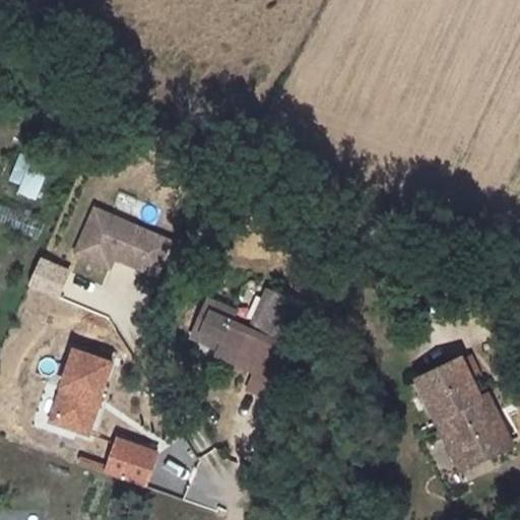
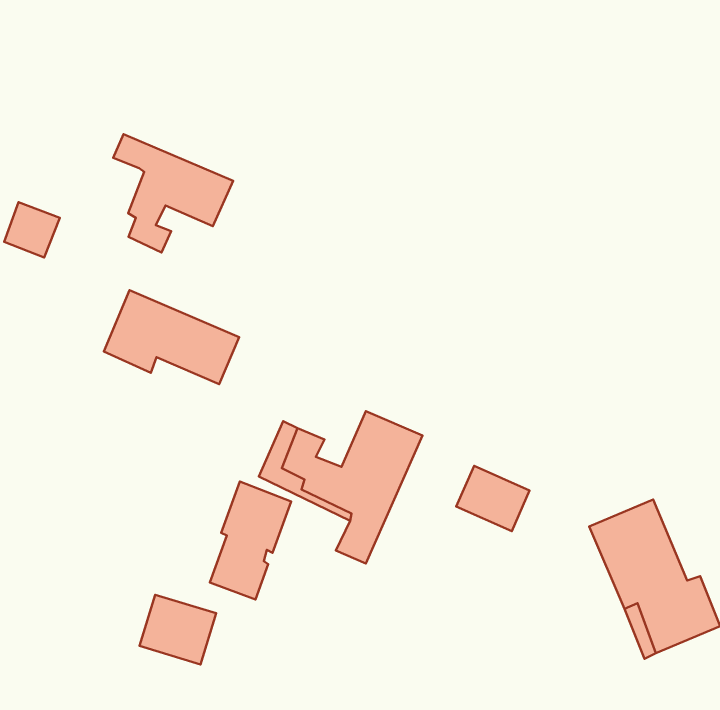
building: none -> [113,134,233,252]
building: none -> [456,466,530,531]
building: [53,352,111,437] -> [210,482,291,600]

